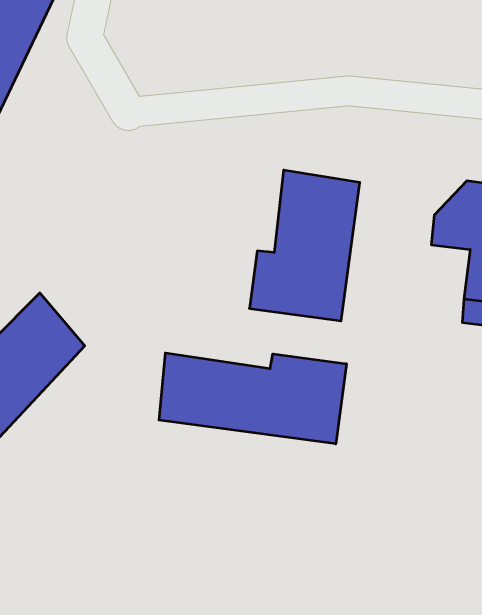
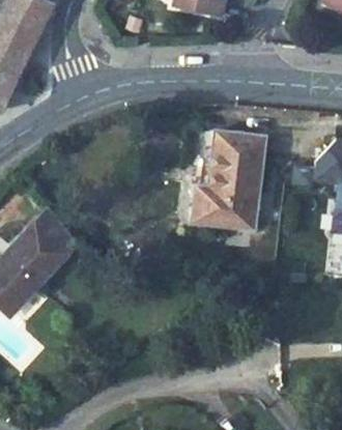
building: [159,353,346,444] -> none

